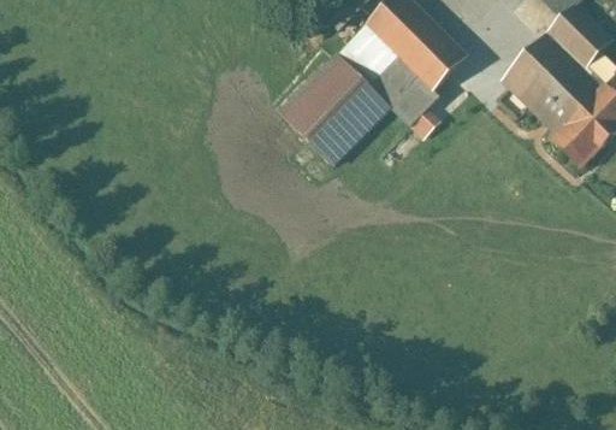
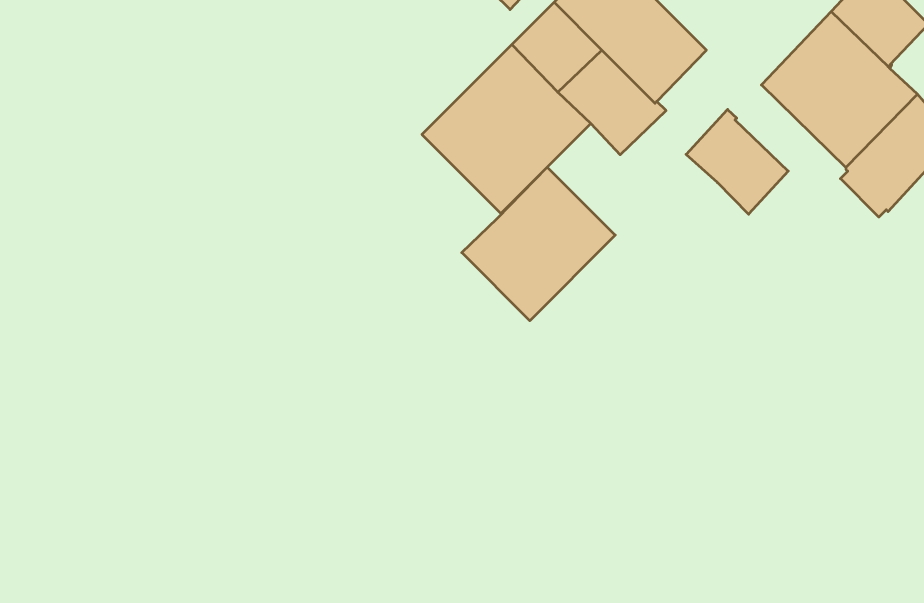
building: none -> [686,109,788,214]
building: none -> [462,167,615,321]

